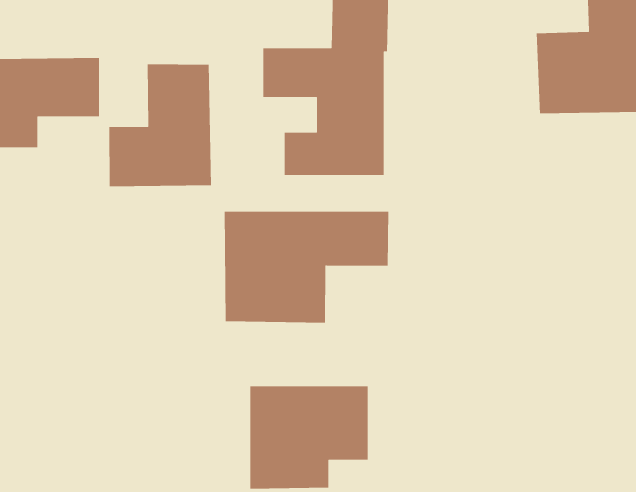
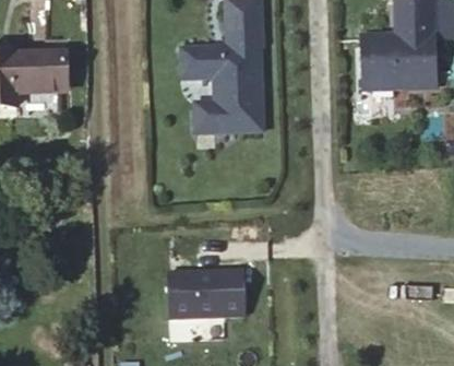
building: [109,63,212,187] -> none
building: [224,211,389,323] -> none

